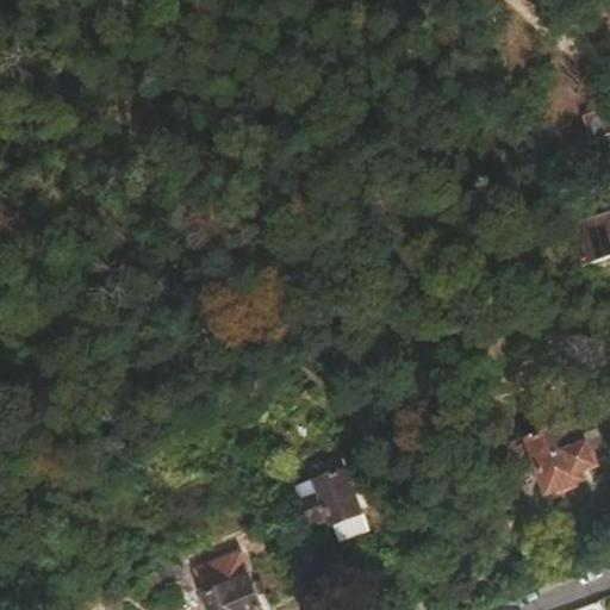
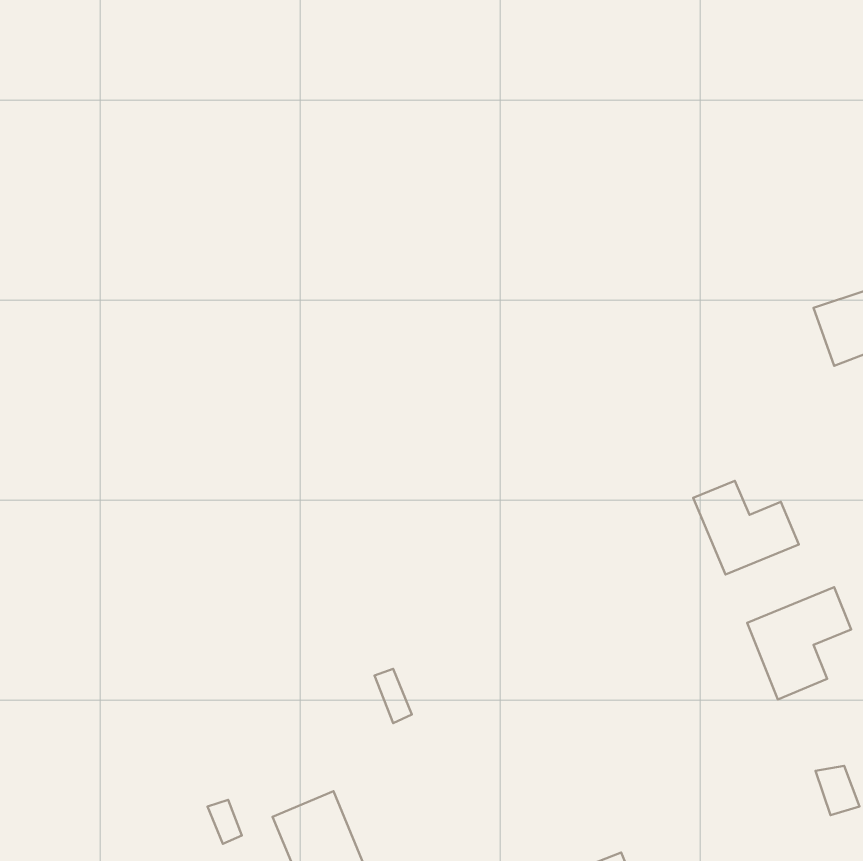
building: none -> [693,481,799,575]
building: [300,475,360,530] -> none

